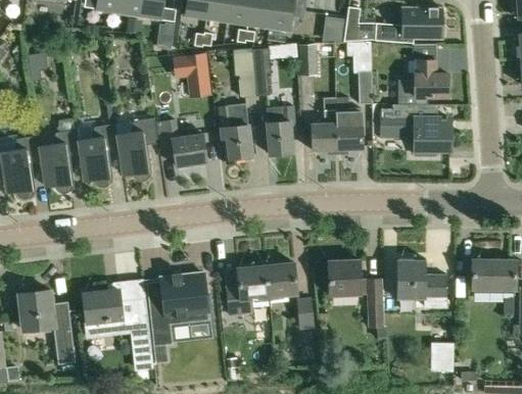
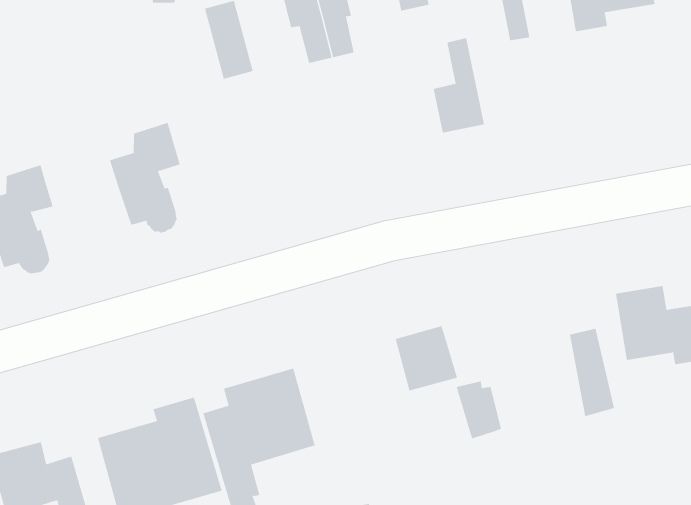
building: [335,97,362,149] -> none
building: [218,103,251,158] -> none
building: [381,104,450,156] -> none
building: [266,106,294,154] -> none
building: [156,119,206,166] -> none
building: [78,124,118,187] -> none
building: [328,259,361,295] -> none
building: [226,264,268,314] -> none

